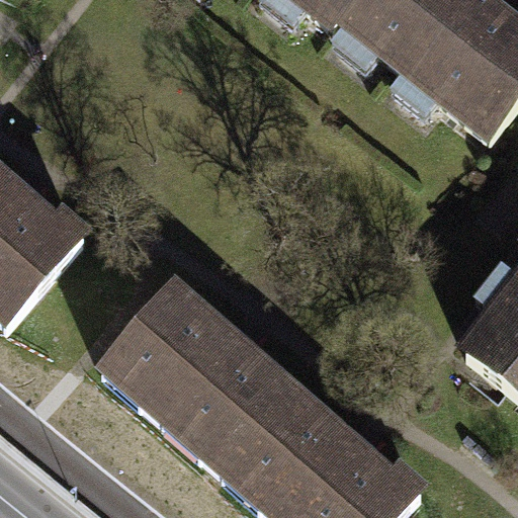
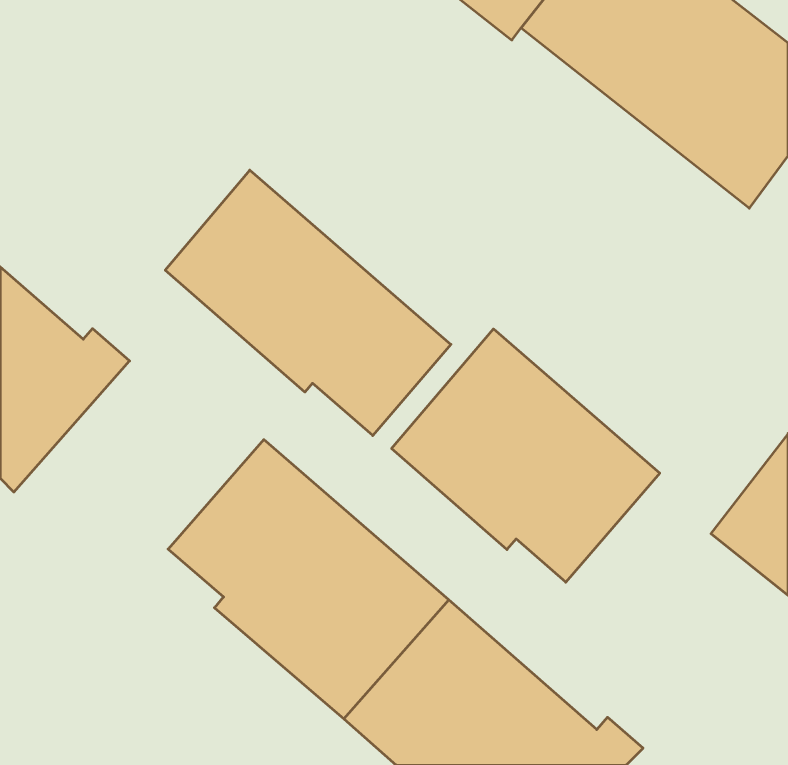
building: none -> [165,170,451,436]
building: none -> [392,329,660,582]

